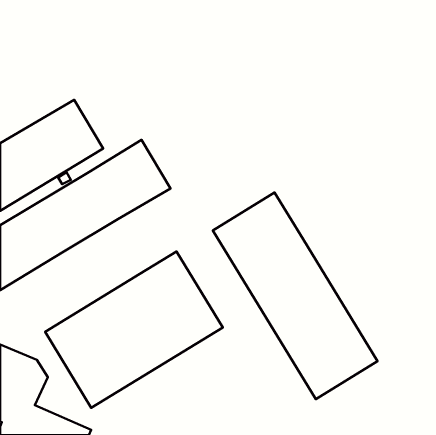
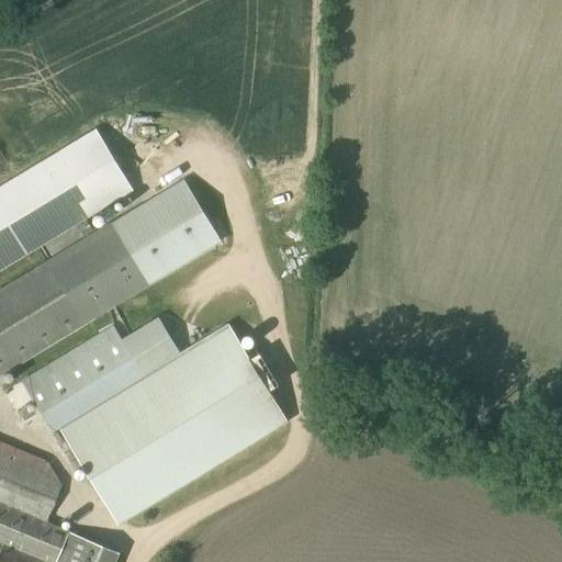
building: [213,192,377,399] -> none
building: none -> [21,316,180,431]

